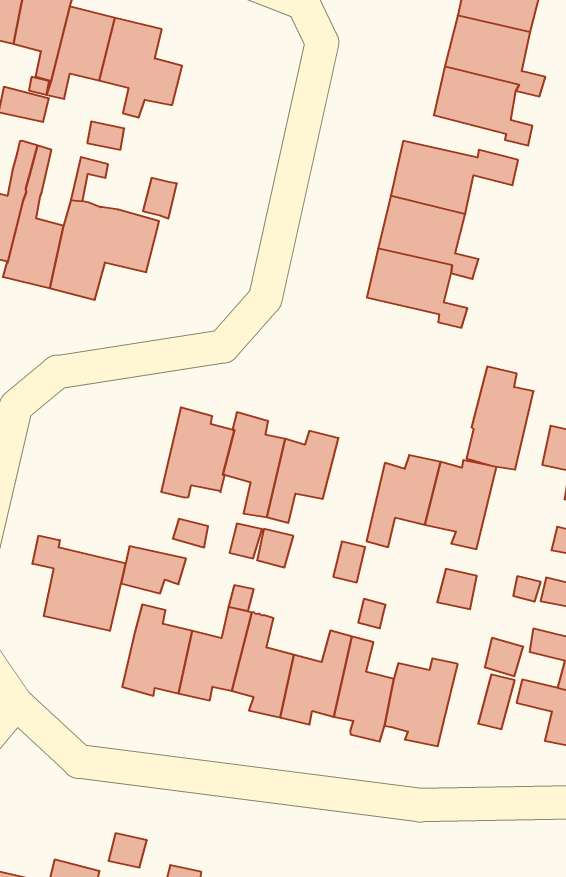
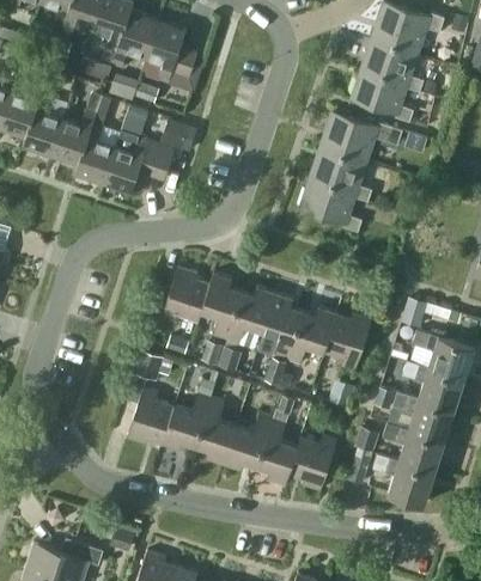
building: [466,366,534,470] -> [257,293,303,359]
building: [32,536,126,631] -> none

